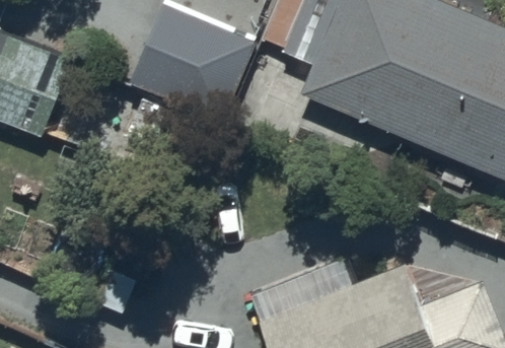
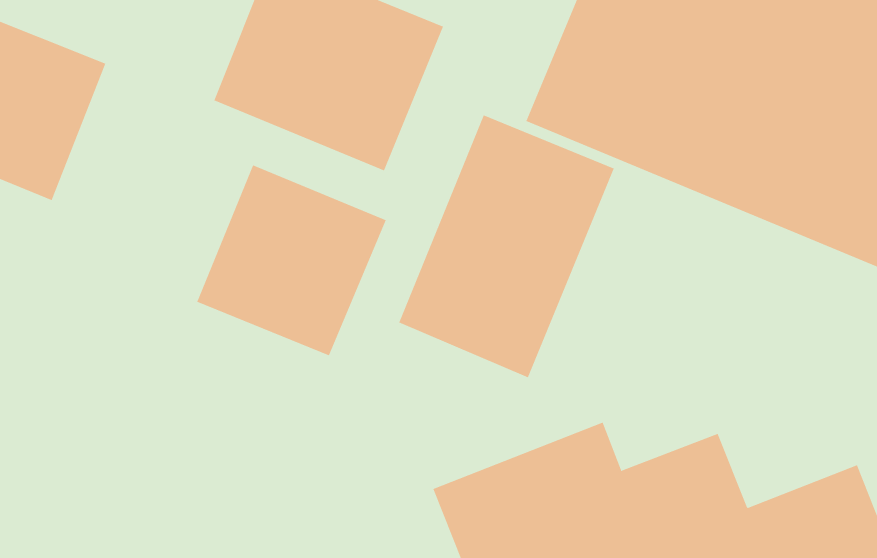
building: none -> [399,114,615,378]
building: none -> [196,165,386,356]

